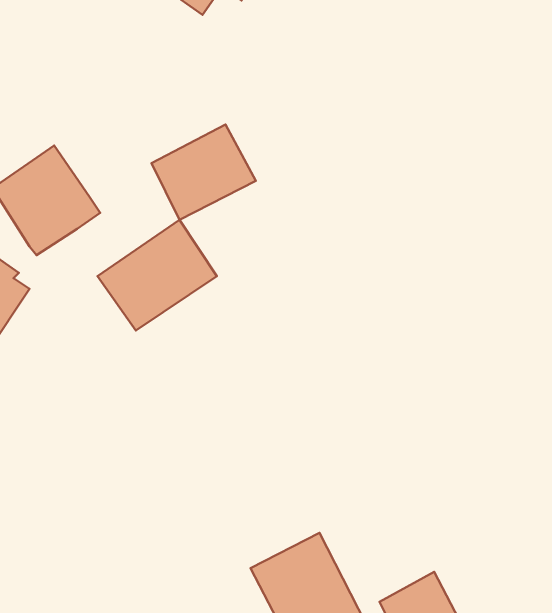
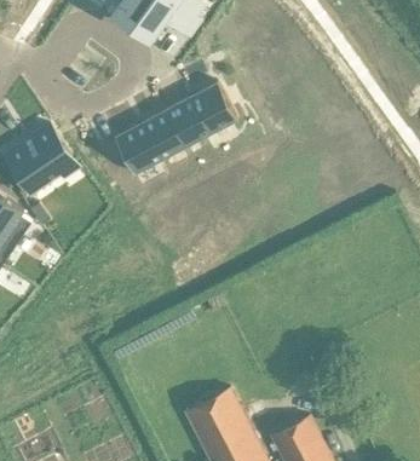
building: none -> [165,82,236,148]
building: [98,220,217,331] -> none

